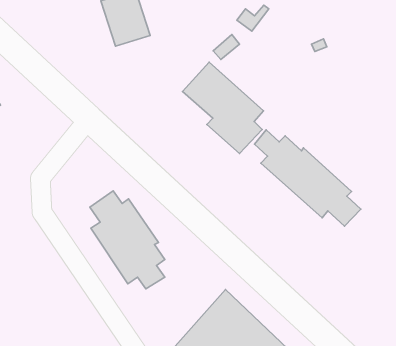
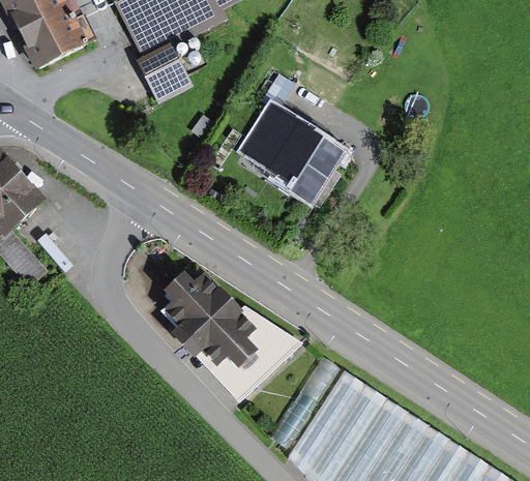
building: [255,130,361,226] -> none

